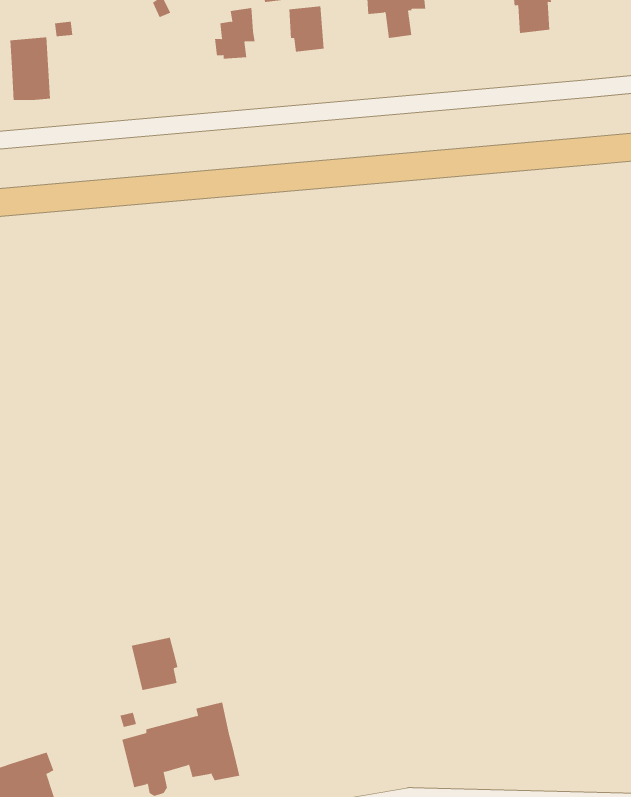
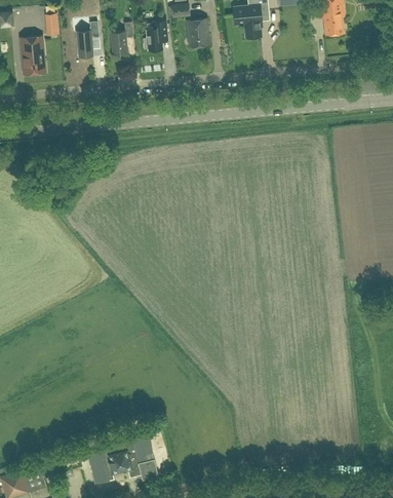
building: none -> [76,22,99,58]
building: none -> [111,22,132,53]
building: [131,637,178,691] -> none

